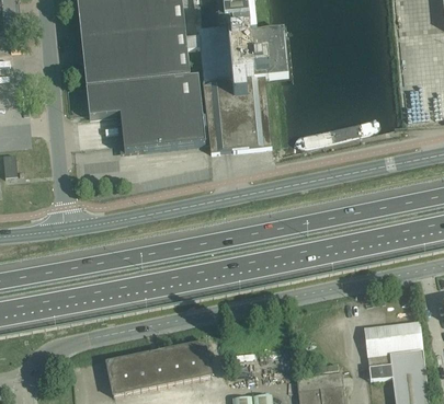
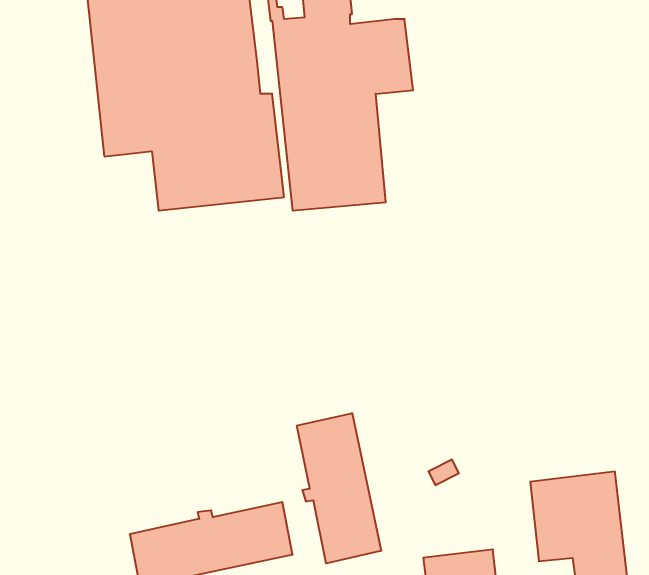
building: none -> [297,413,381,563]

